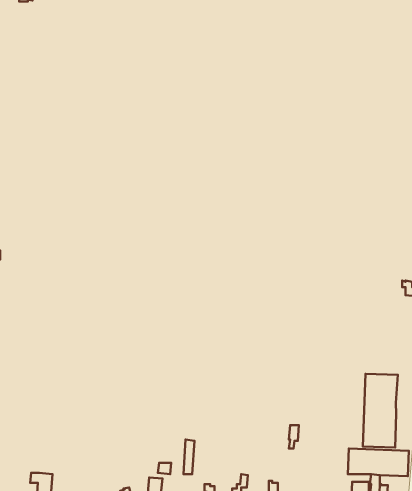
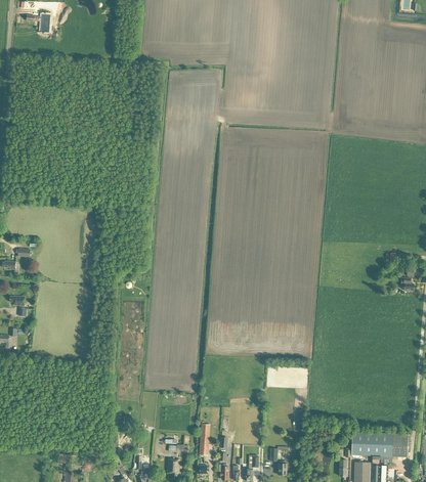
building: [363,374,398,447] -> none

